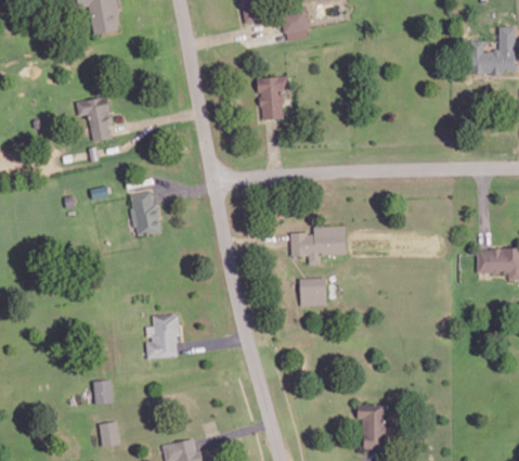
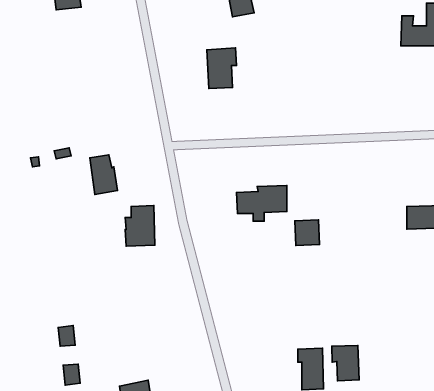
building: [76,97,112,141] -> none
building: [299,278,326,306] -> [295,220,320,246]
building: [146,313,179,358] -> [125,206,155,246]
building: none -> [332,346,359,381]

